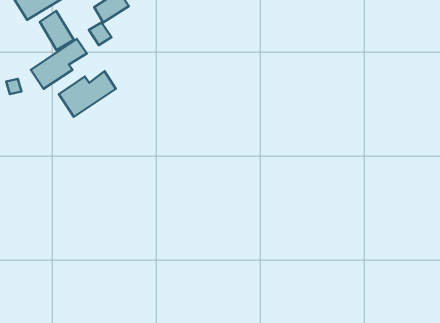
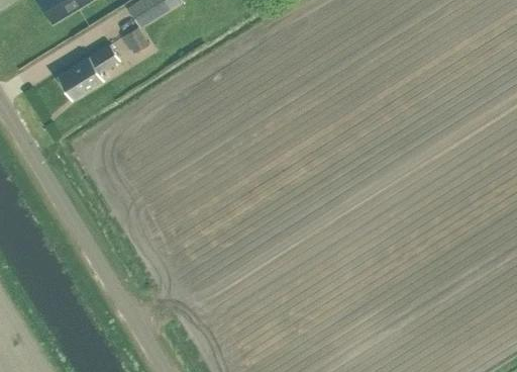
building: [40,11,74,50] -> none
building: [59,71,116,117] -> none

